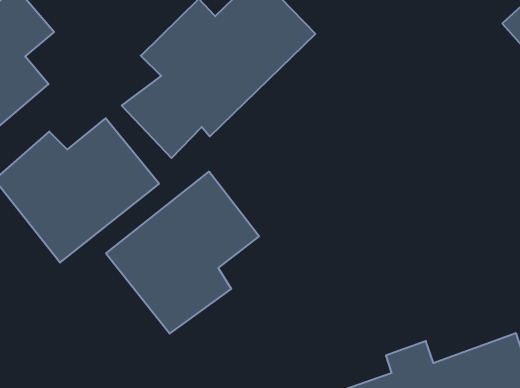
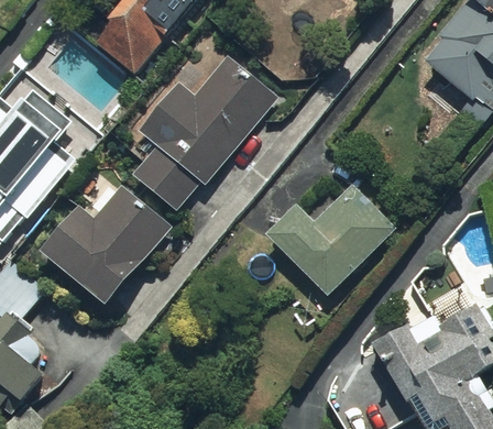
building: none -> [264,178,397,296]
building: [106,172,259,334] -> none

